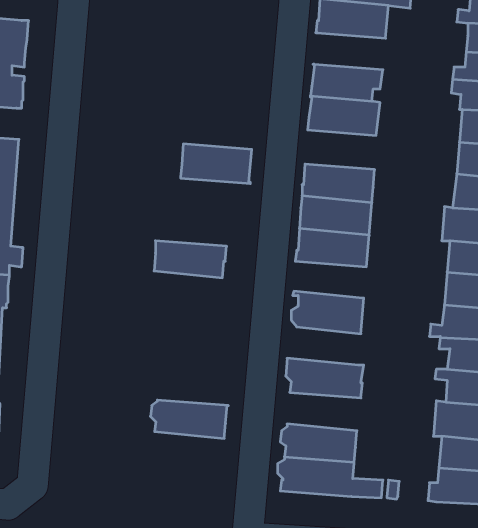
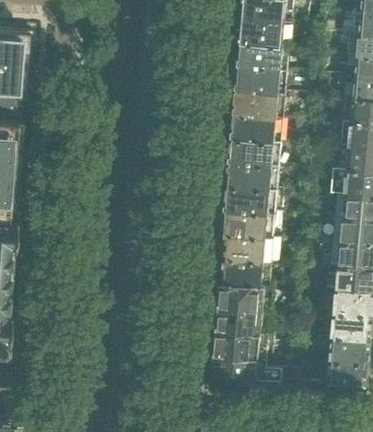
building: none -> [238,42,291,69]
building: [181,144,252,184] -> [232,114,284,143]
building: [154,241,227,278] -> [224,210,277,237]
building: none -> [219,258,273,286]
building: [150,400,228,438] -> [216,306,273,335]

